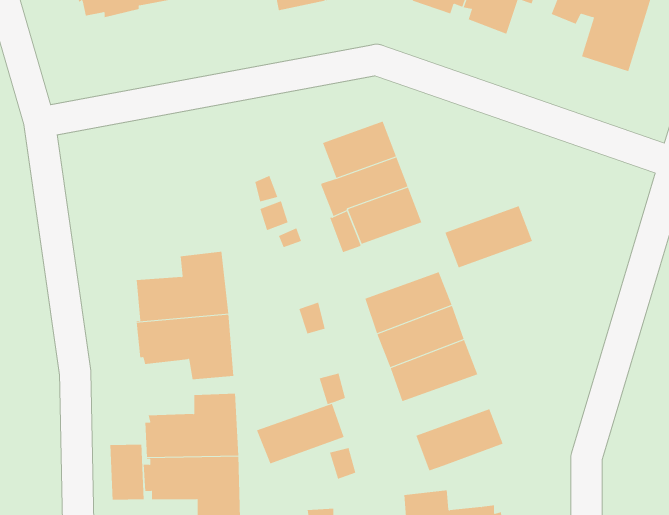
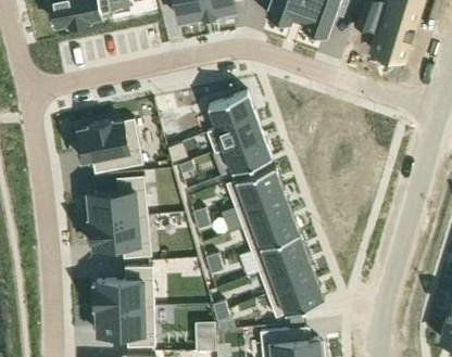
building: none -> [77,118,142,169]
building: [445,205,533,268] -> [226,165,282,205]
building: [256,403,344,464] -> [259,254,315,293]
building: [110,444,144,501] -> none

